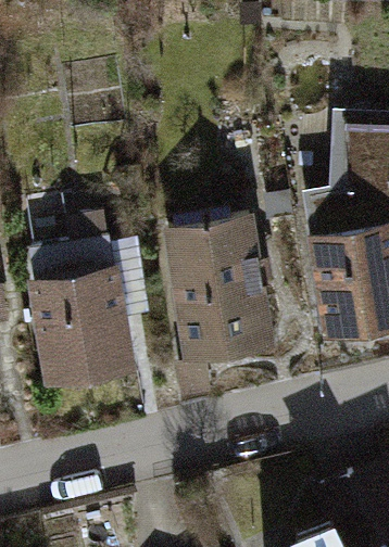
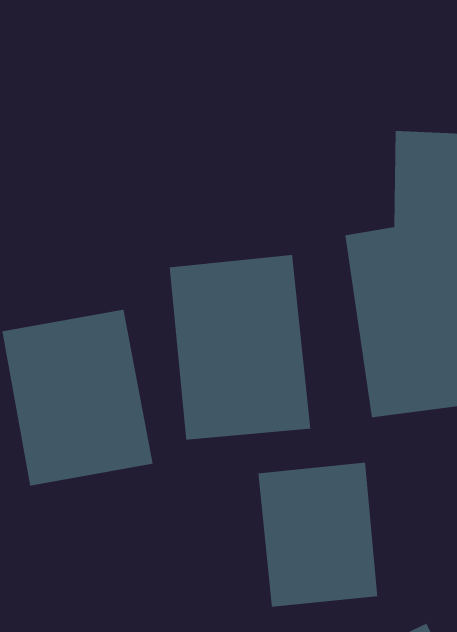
building: none -> [258,462,378,607]

